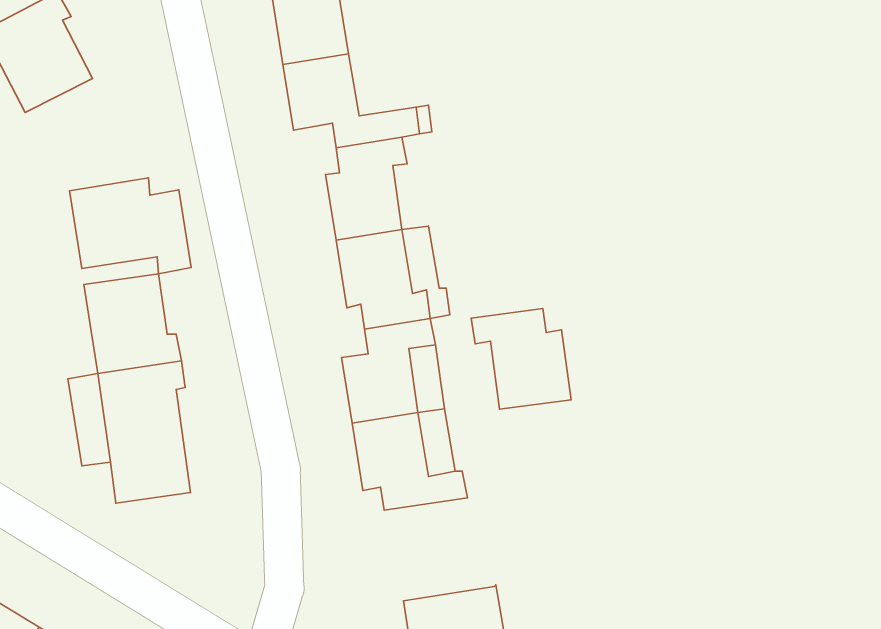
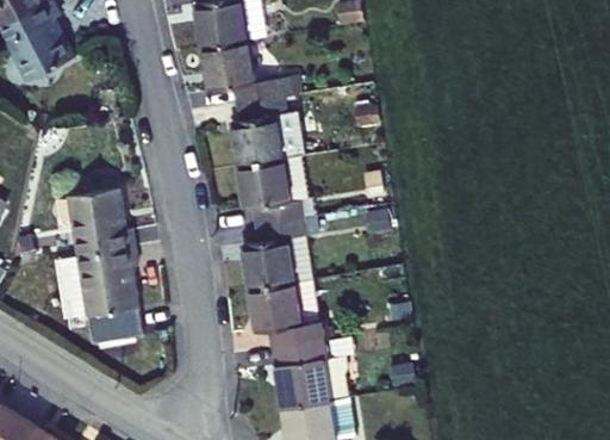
building: [70,178,191,274] -> none
building: [471,309,571,409] -> none
building: none -> [269,340,343,409]

